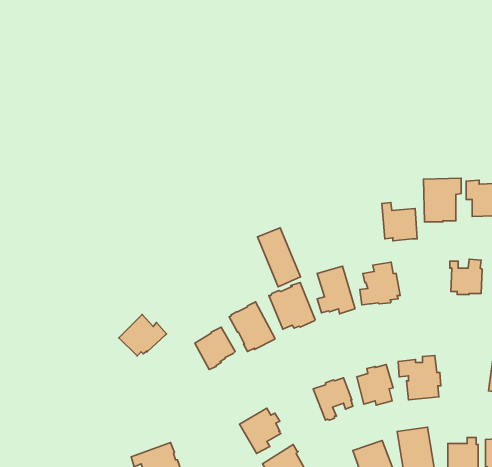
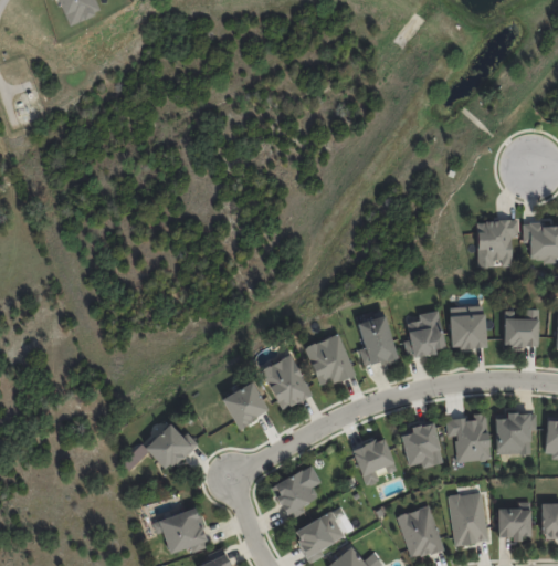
building: [382,202,417,241] -> [450,306,488,348]
building: [258,228,301,287] -> none
building: [119,314,166,356] -> [146,422,198,468]
building: none -> [495,412,535,454]

